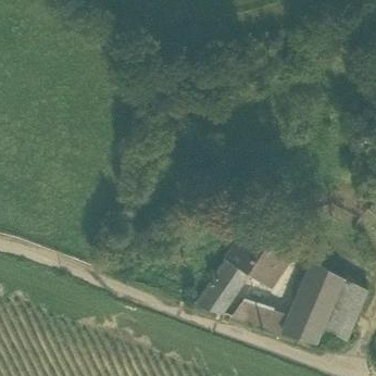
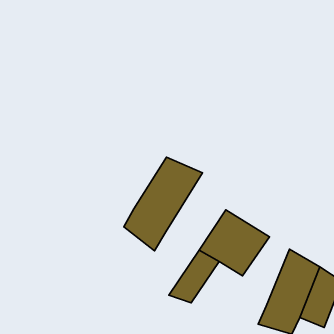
building: none -> [124,157,202,251]
building: [237,299,291,335] -> none

